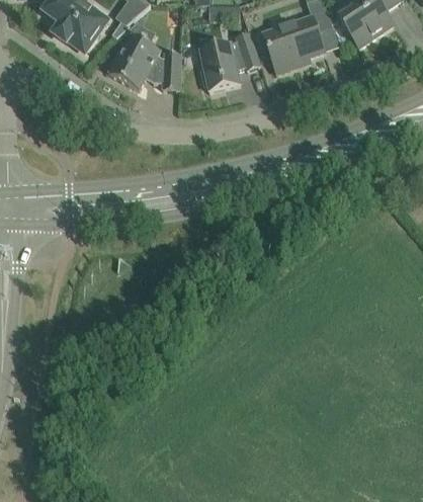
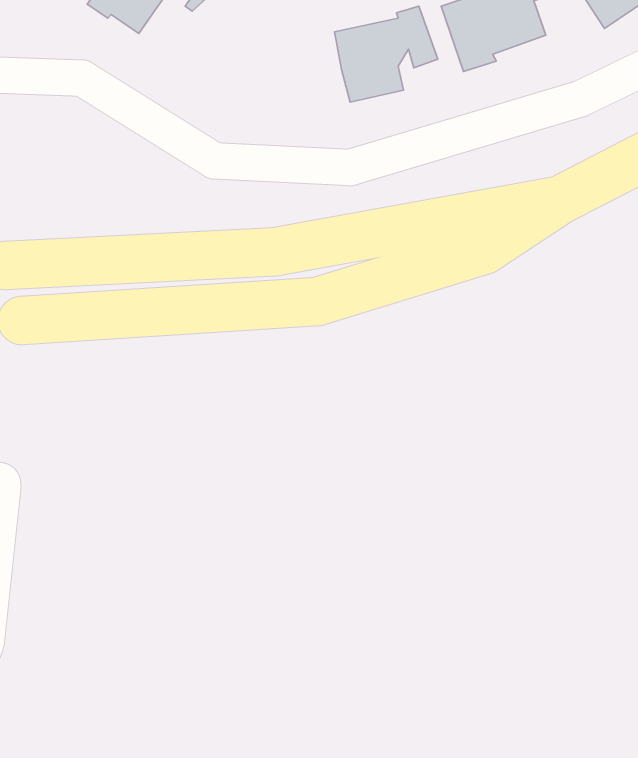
building: [109,34,182,89] -> none

